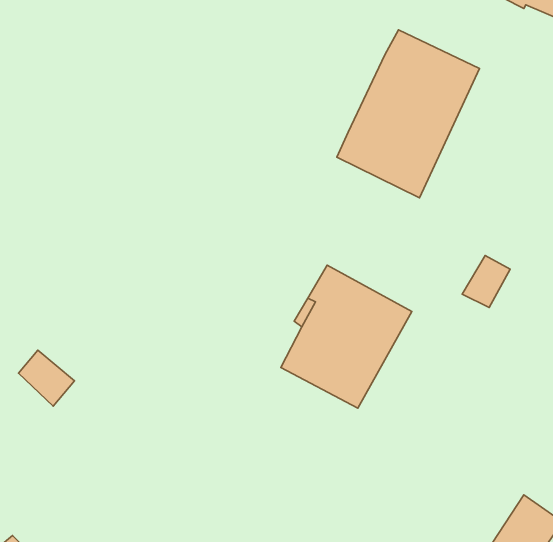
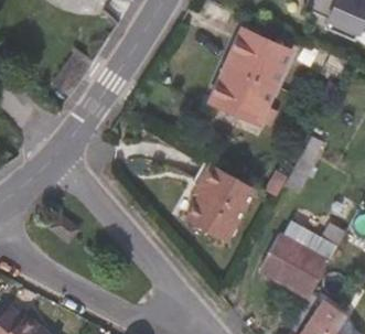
building: none -> [259,235,336,299]

